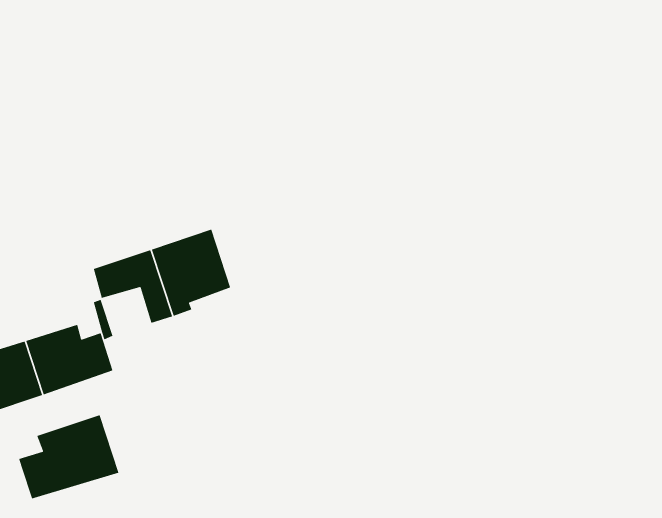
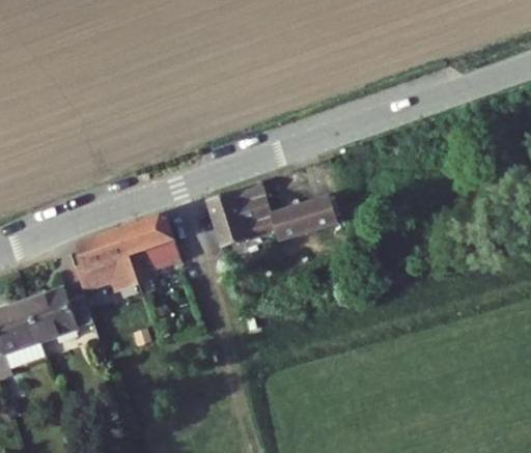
building: none -> [204,183,337,250]
building: [18,414,119,500] -> none

